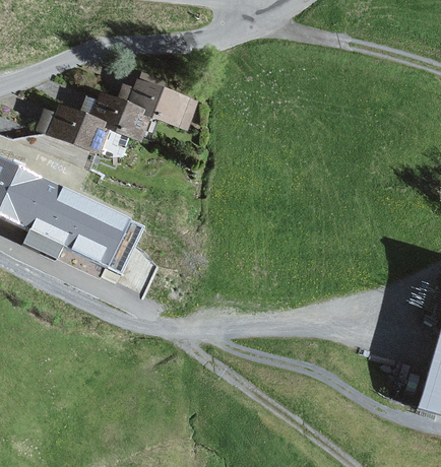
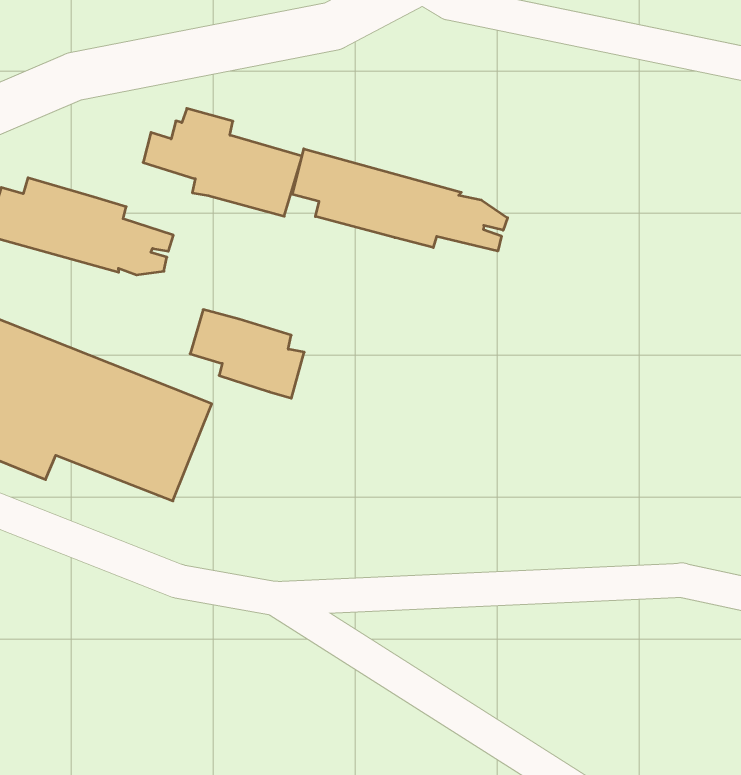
building: [91,92,150,141] -> [190,310,304,398]
building: none -> [293,149,508,251]

